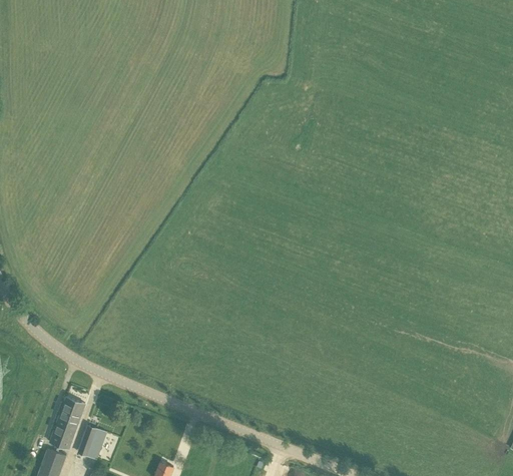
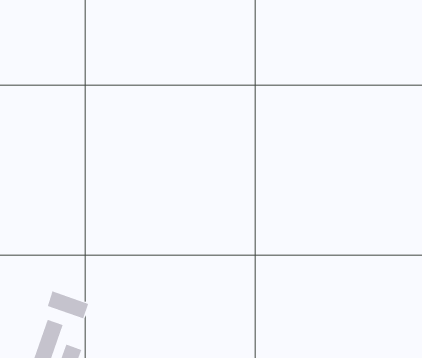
building: none -> [47,291,89,319]

